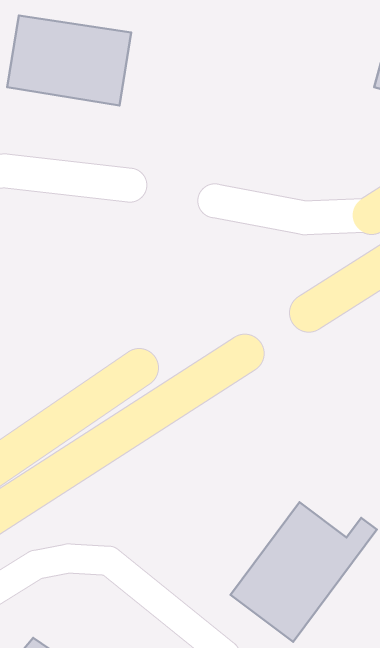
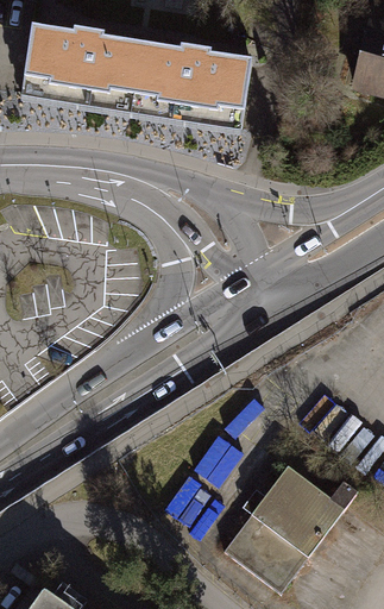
building: none -> [124,36,245,119]

